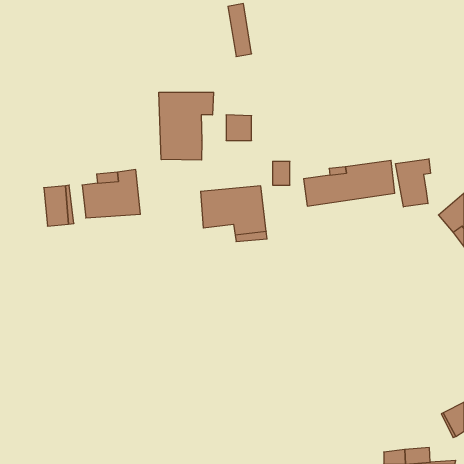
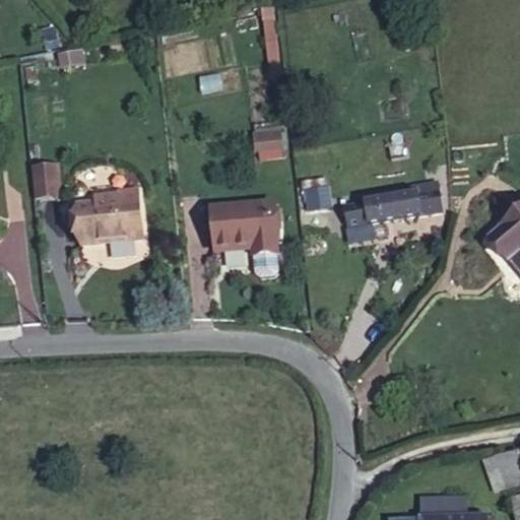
building: [159,92,214,160] -> none
building: none -> [30,160,59,194]
building: [396,159,430,207] -> none

